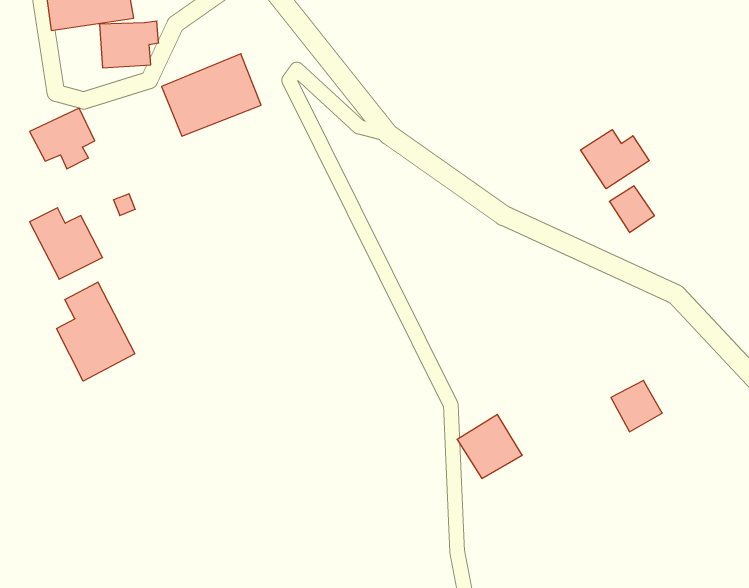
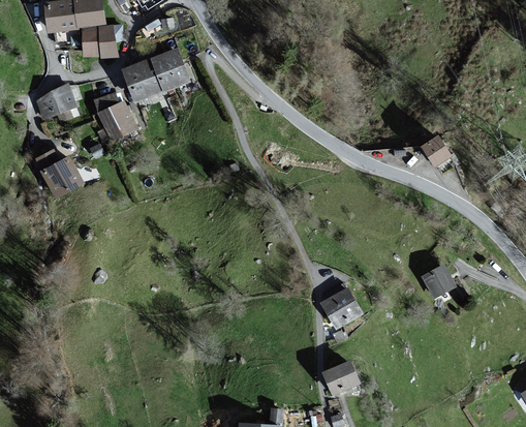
building: none -> [94,91,136,141]
building: [581,130,649,189] -> none
building: [57,282,135,381] -> none
building: none -> [322,362,359,395]

